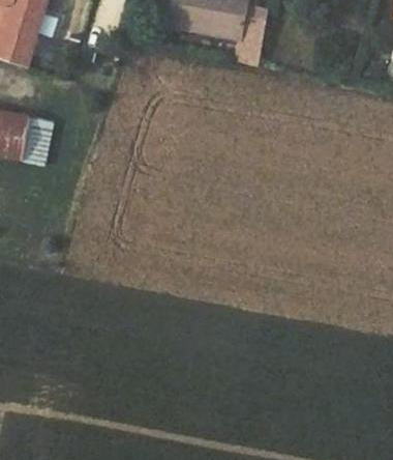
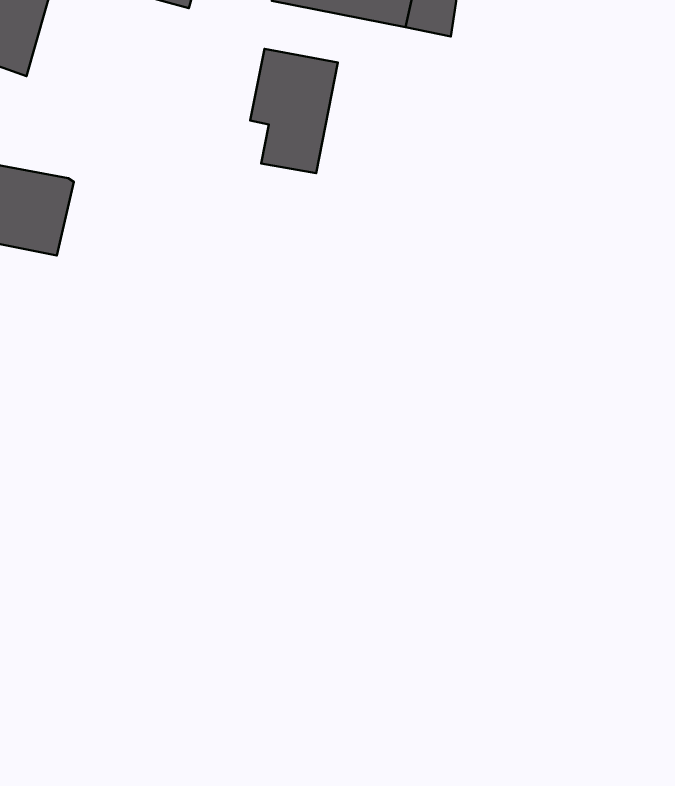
building: none -> [250,49,338,173]

